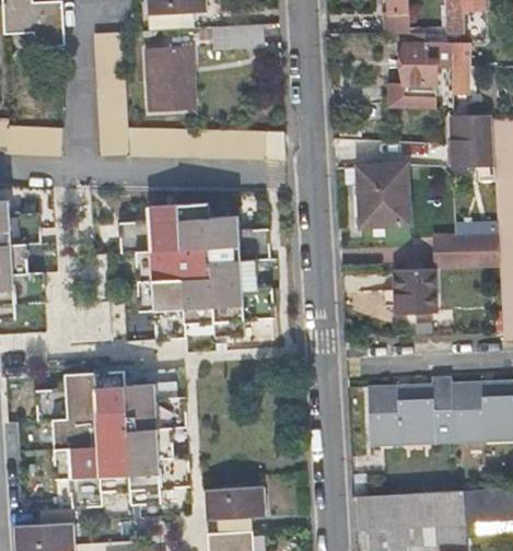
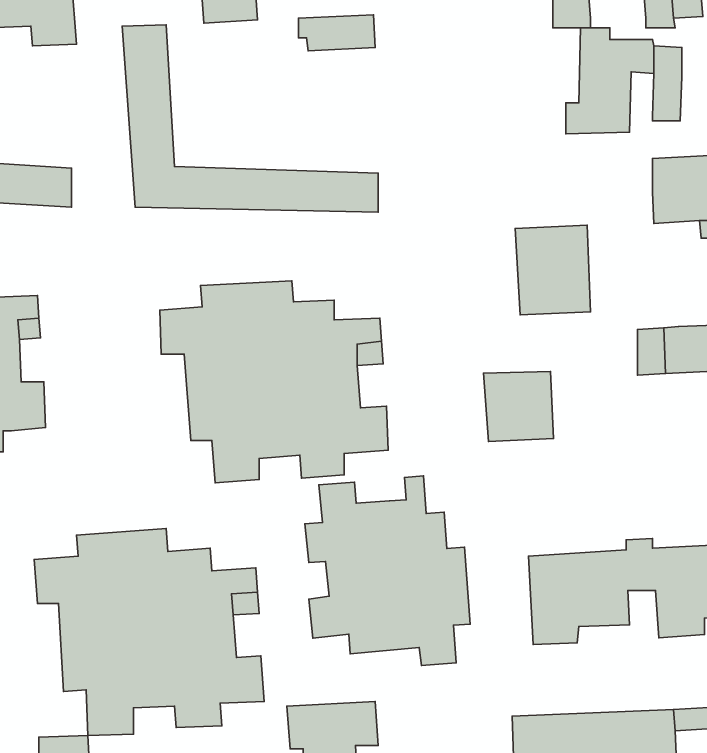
building: [147,46,197,110] -> none
building: [390,267,438,314] -> [483,371,554,442]
building: none -> [305,476,470,665]

